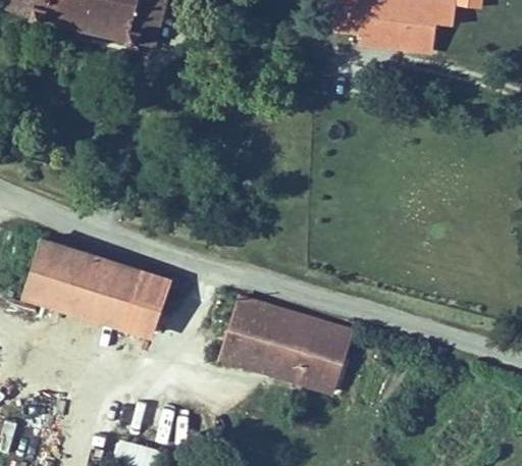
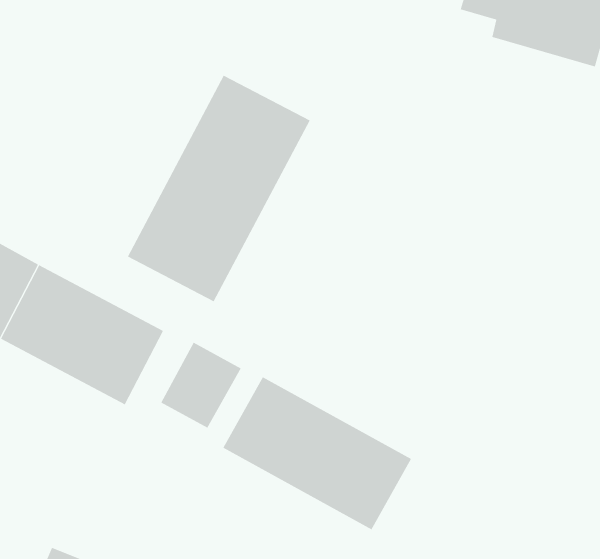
building: none -> [127,75,310,302]
building: none -> [161,342,242,428]

